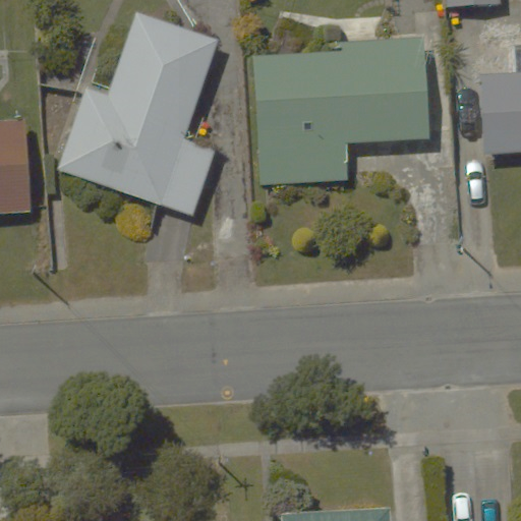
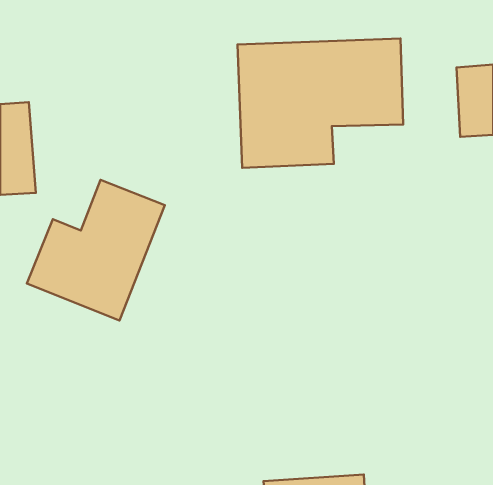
building: [58,12,221,204] -> none
building: none -> [27,180,165,320]

